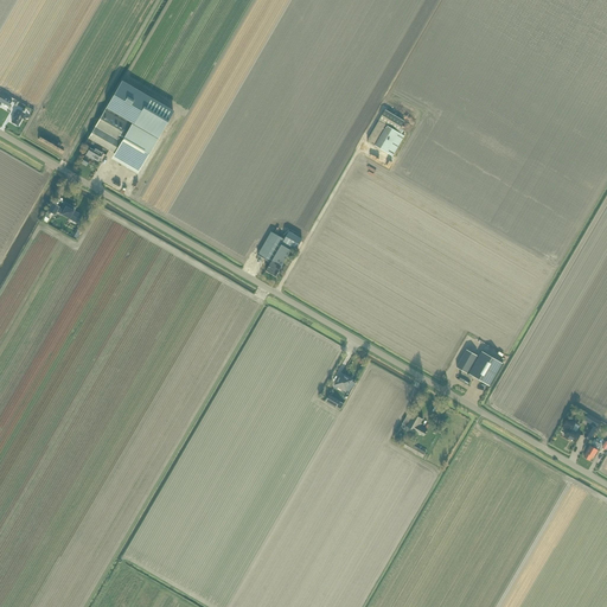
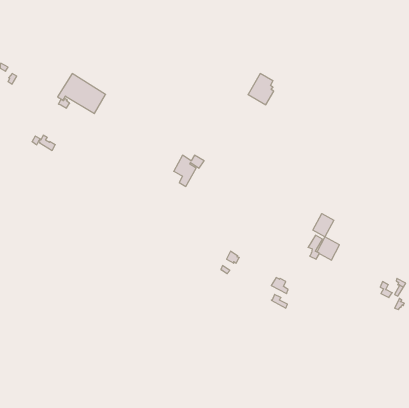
building: [106,82,173,140] -> none
building: none -> [313,214,334,237]

